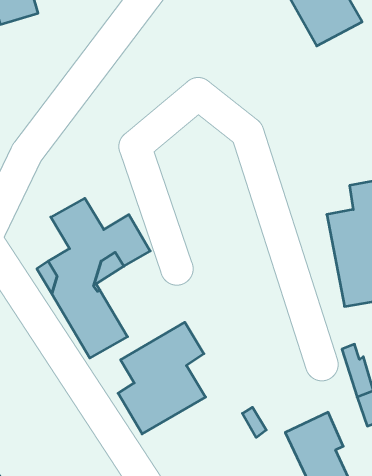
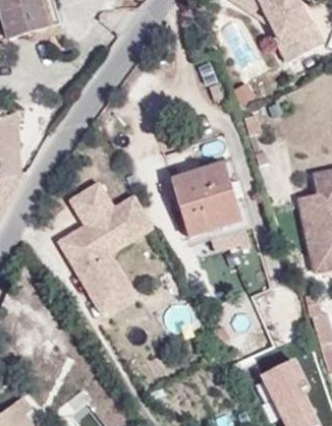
building: none -> [171,163,245,250]
building: [118,322,206,434] -> none

